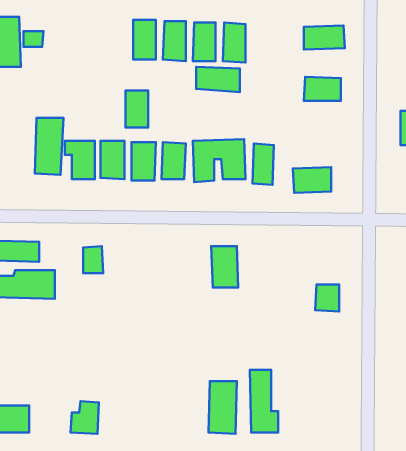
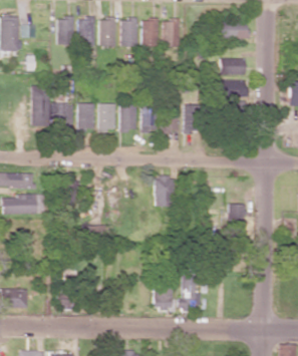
building: none -> [58,17,74,45]
building: [196,67,240,92] -> none
building: [125,90,148,127] -> [79,19,95,45]
building: [293,167,331,193] -> [220,80,247,98]

